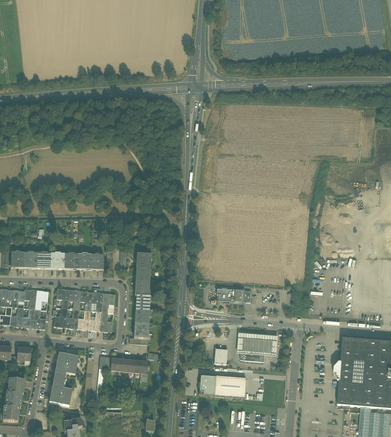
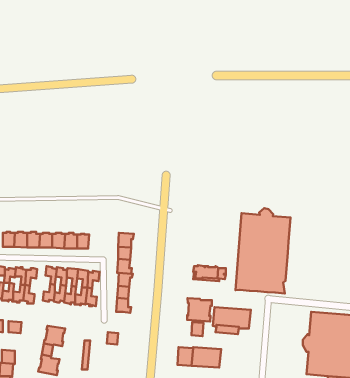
building: none -> [235,208,290,293]
building: none -> [187,298,212,322]

